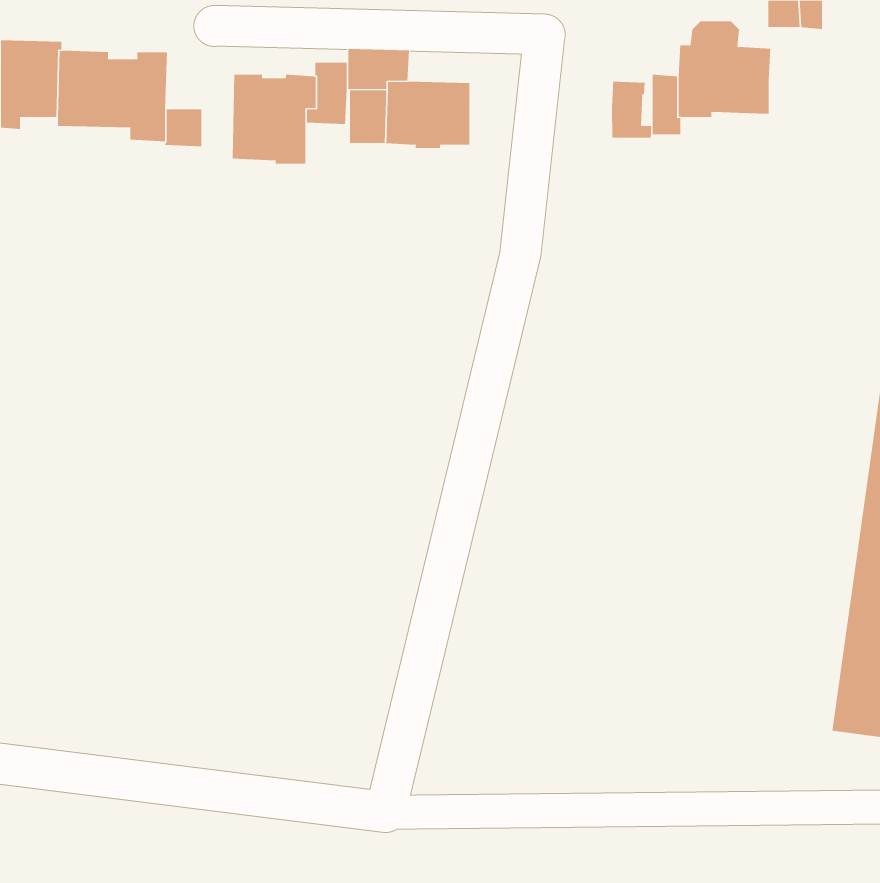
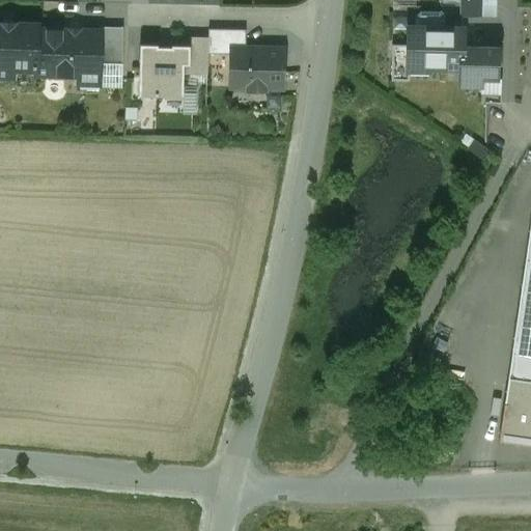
building: none -> [102,27,124,65]
building: none -> [462,48,499,86]
building: [612,81,652,138] -> none

